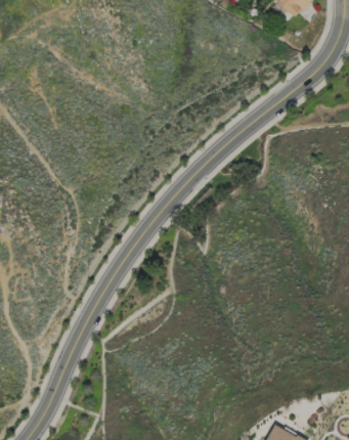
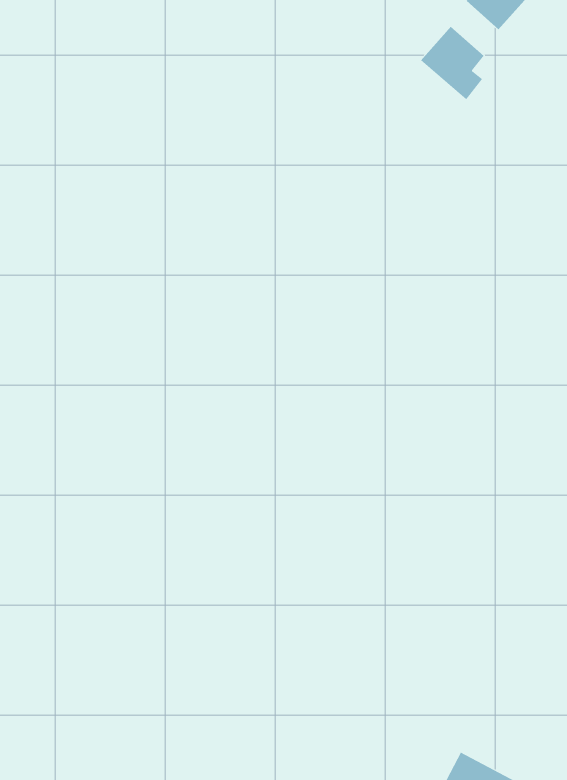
building: none -> [420,26,484,100]

